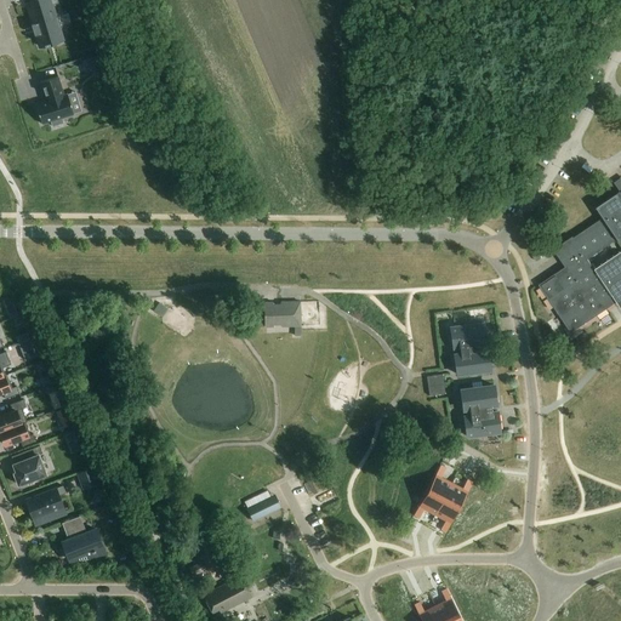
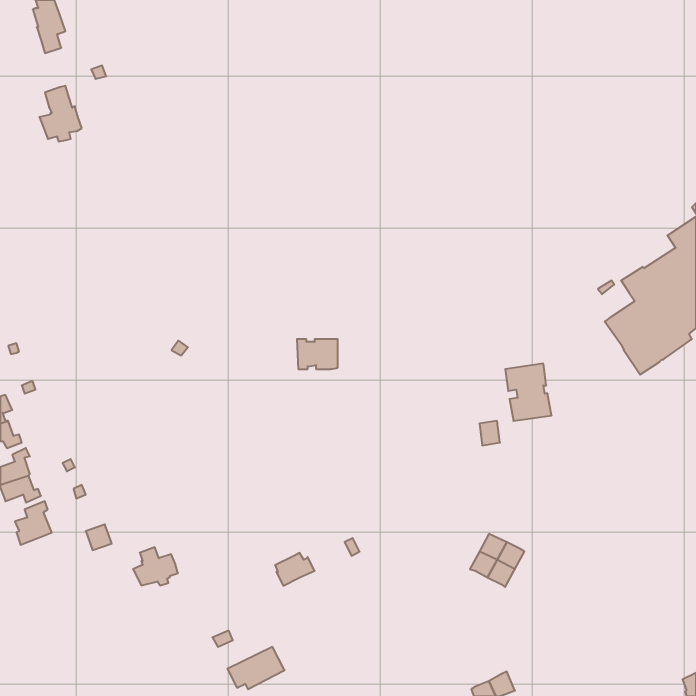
building: [461,386,501,437] -> none
building: [27,486,65,520] -> none
building: [62,524,102,558] -> [133,547,178,585]

